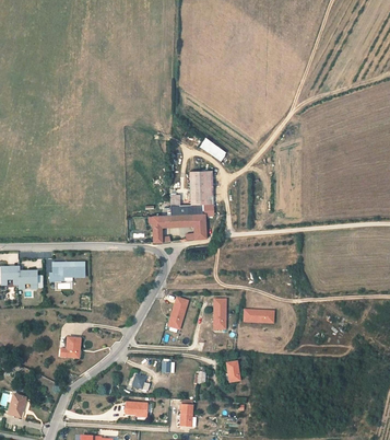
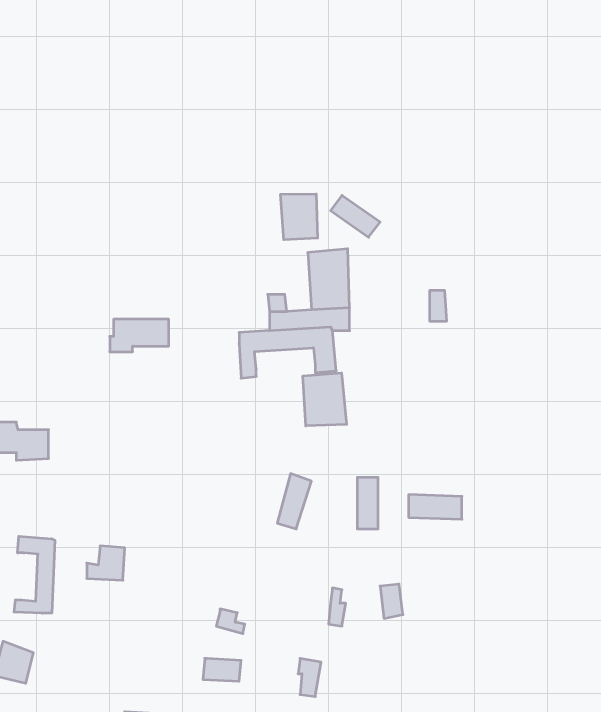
building: none -> [281,194,318,240]
building: none -> [303,373,347,426]
building: [50,263,84,281] -> [110,319,169,352]
building: none -> [14,536,55,613]

